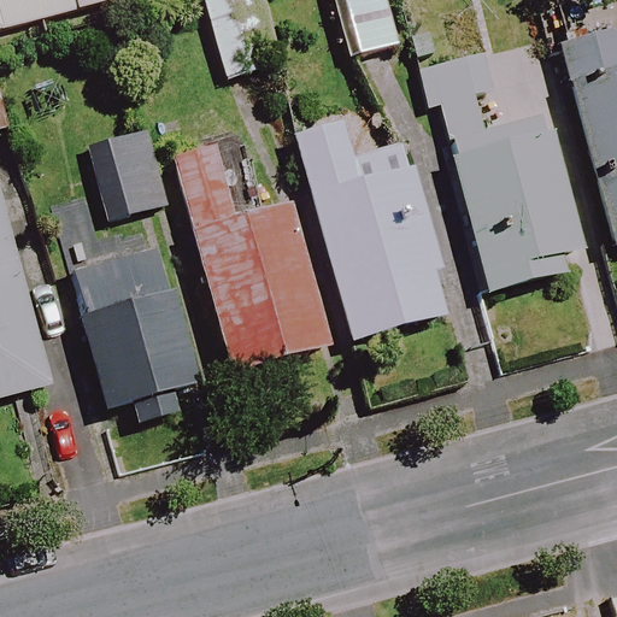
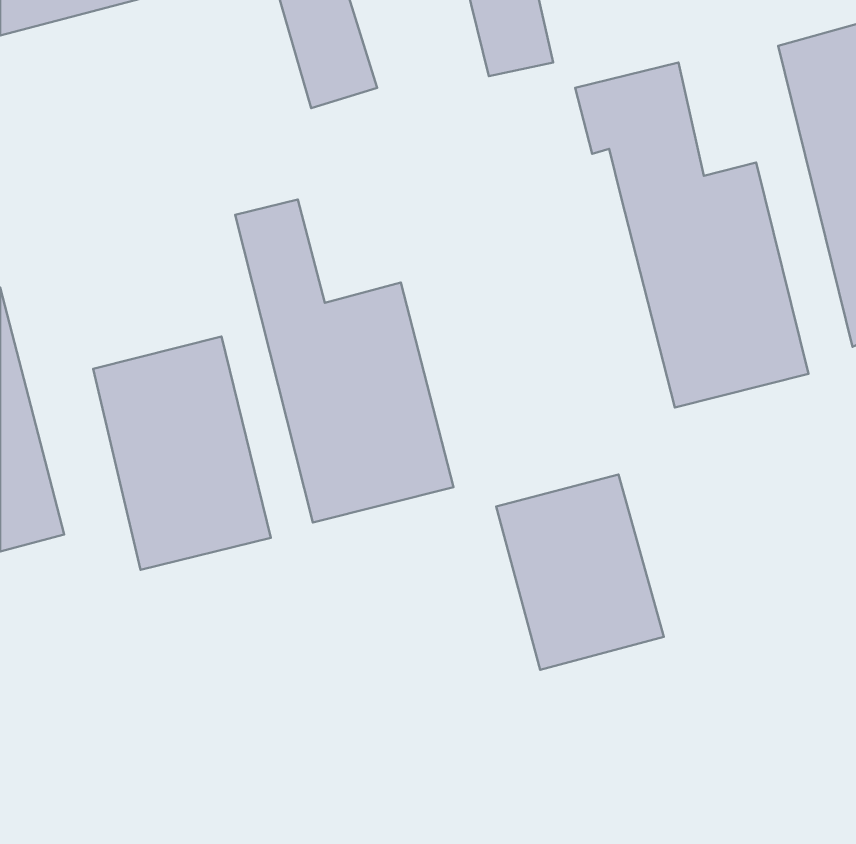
building: [295,121,451,339] -> none
building: [90,125,169,217] -> none
building: none -> [496,474,664,670]

